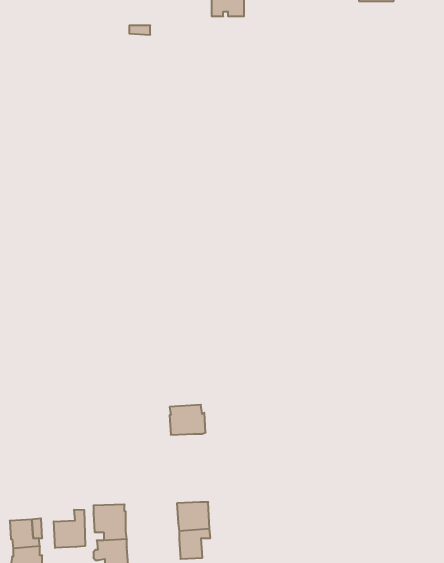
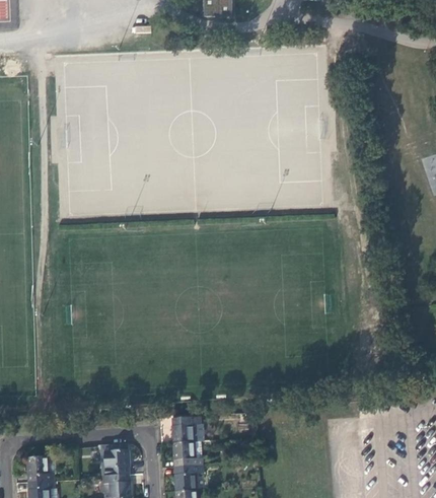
building: [170,405,206,435] -> [171,417,203,443]
building: [54,510,85,548] -> none

